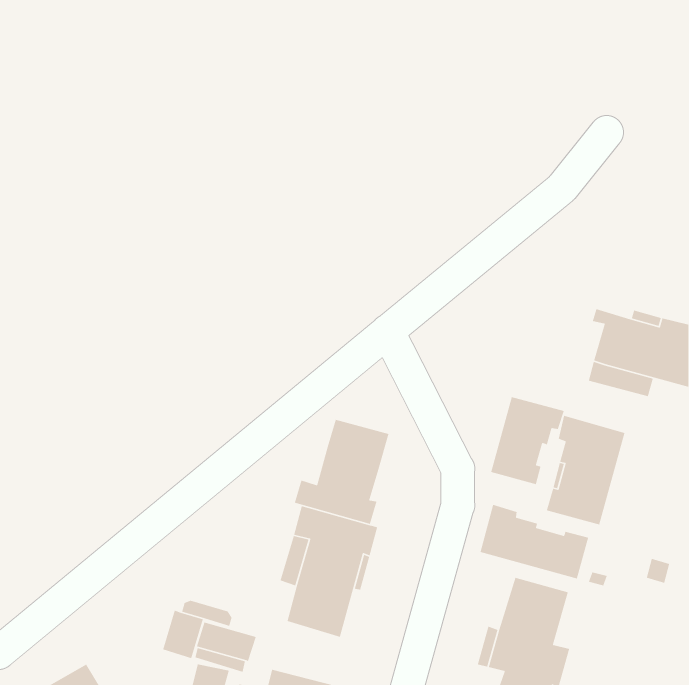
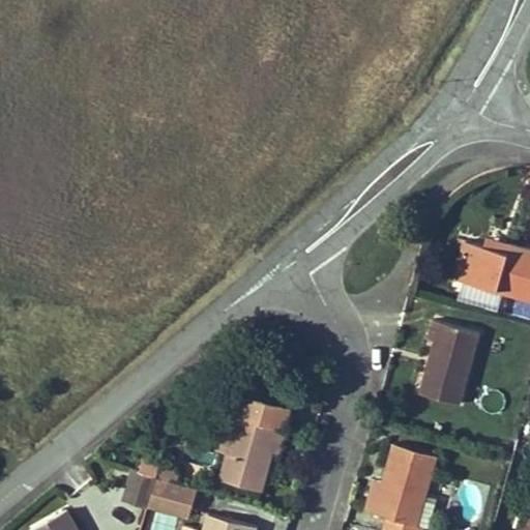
building: [490,396,565,485] -> none
building: [294,419,390,525] -> none
building: [480,504,589,579] -> none

